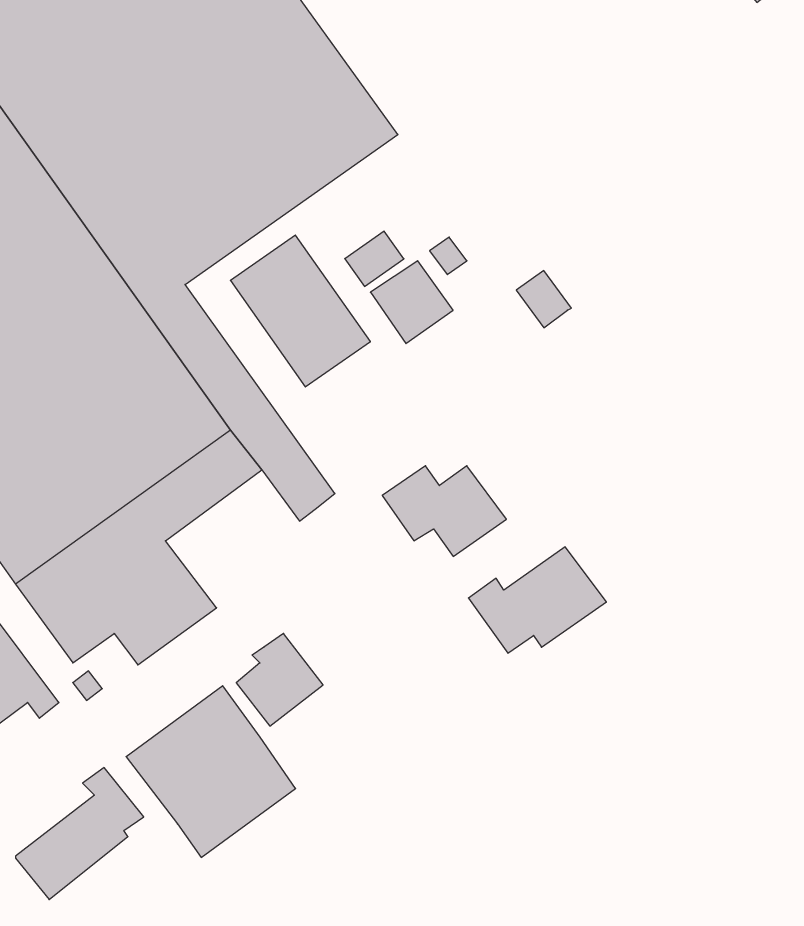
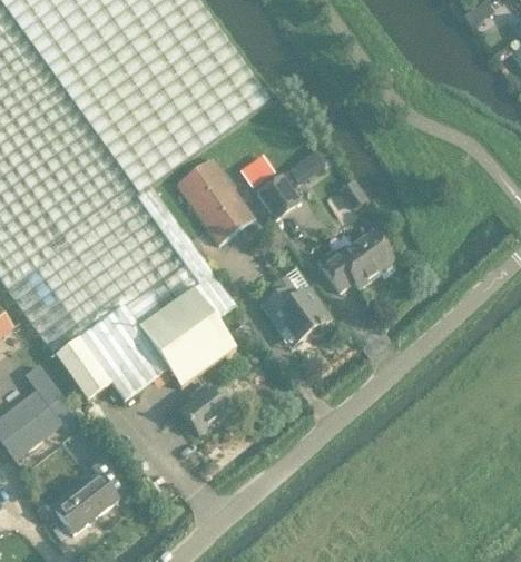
building: [468,547,606,653] -> [317,230,395,290]
building: [126,686,296,857] -> [139,289,235,386]

